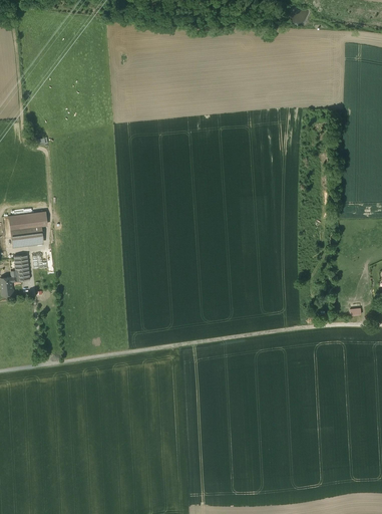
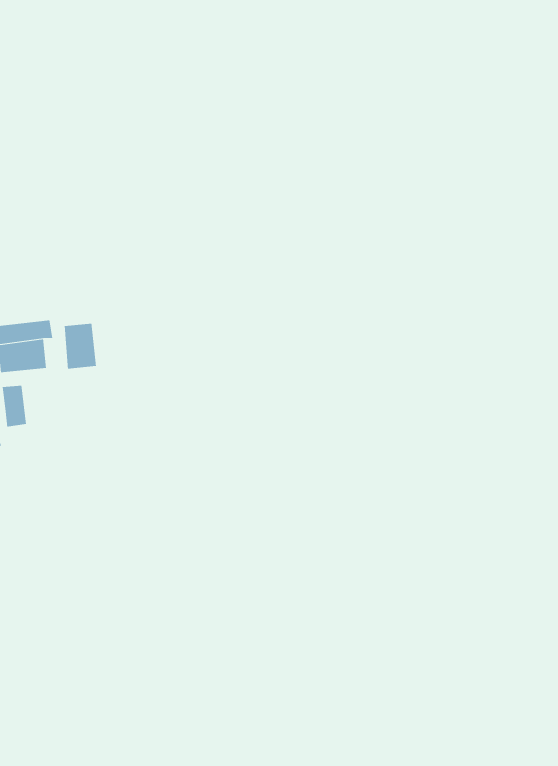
building: none -> [64,323,97,369]

